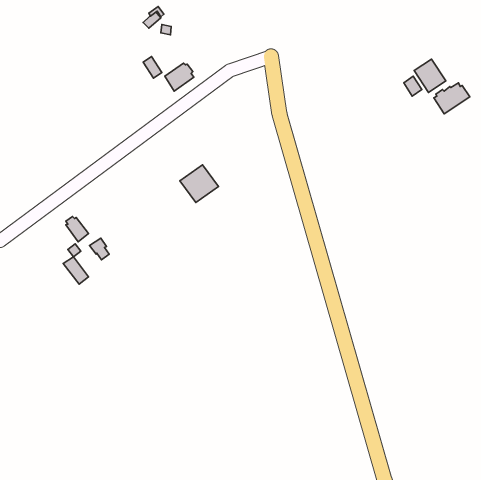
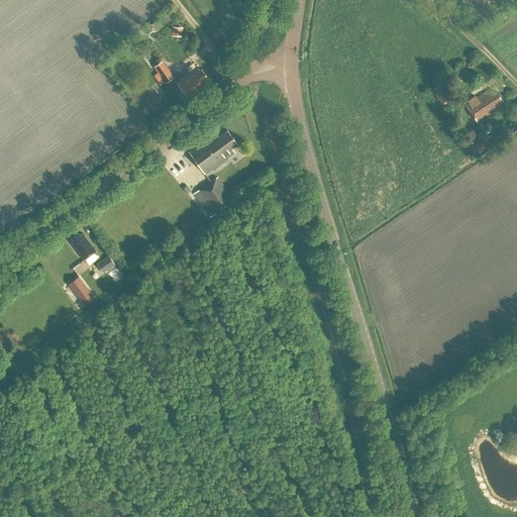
building: [414,59,446,92] -> none
building: none -> [189,131,237,175]

